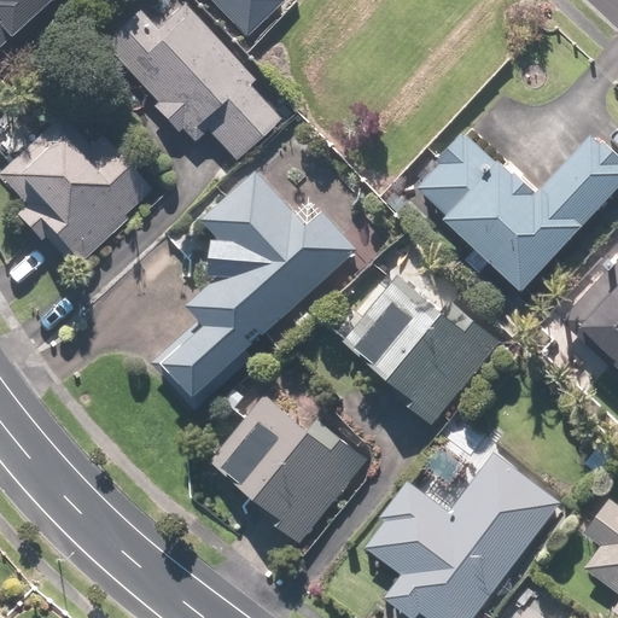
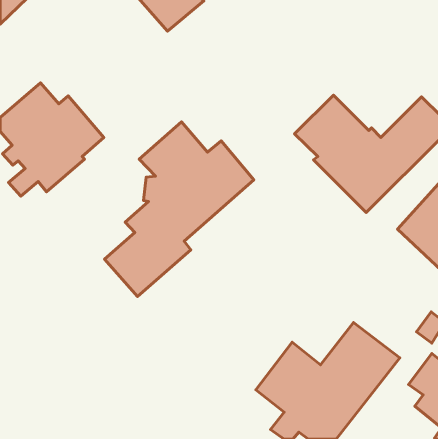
building: [98,5,275,159] -> none
building: [340,267,506,421] -> none
building: [209,395,372,543] -> none

